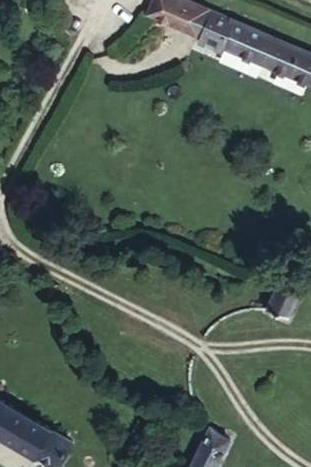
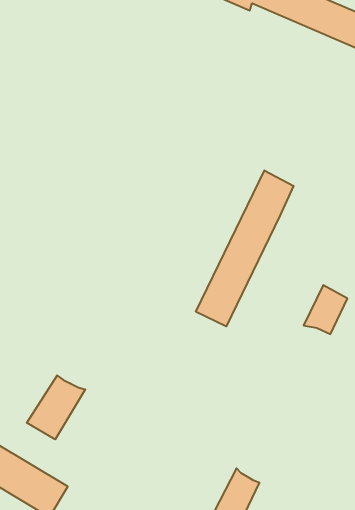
building: none -> [196,170,294,326]
building: none -> [27,375,85,439]

